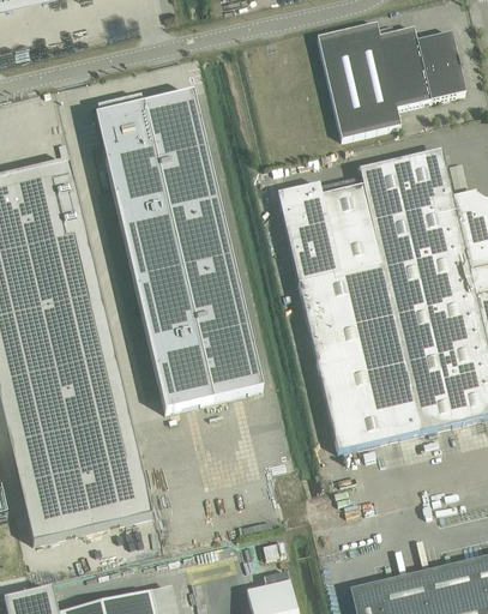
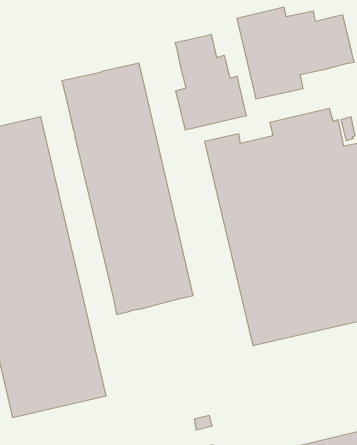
building: none -> [175,34,246,130]

